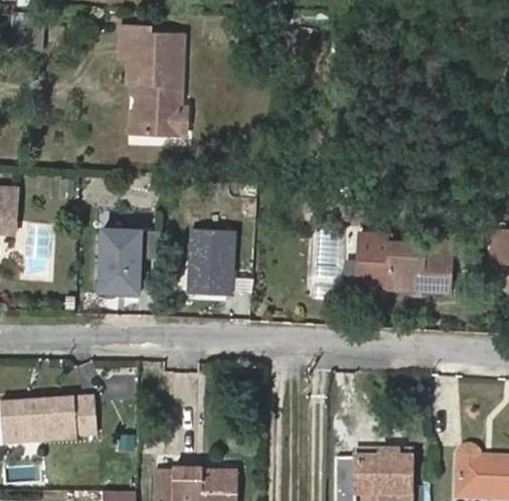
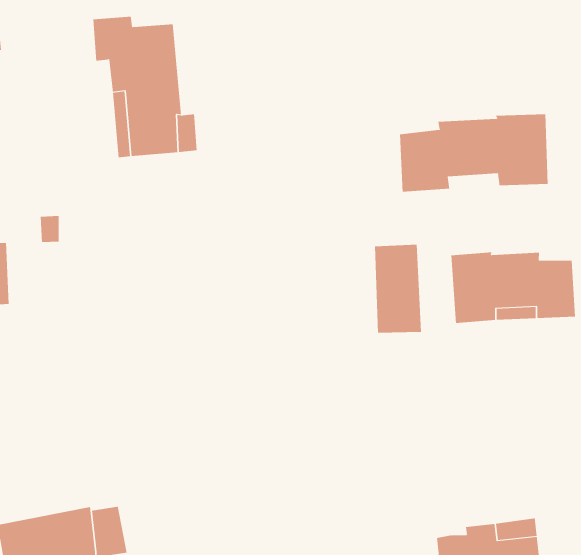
building: none -> [400,114,548,192]
building: [186,227,230,293] -> none
building: [102,229,160,292] -> none

